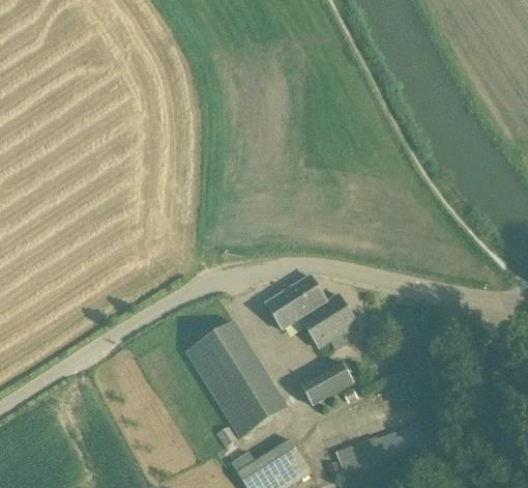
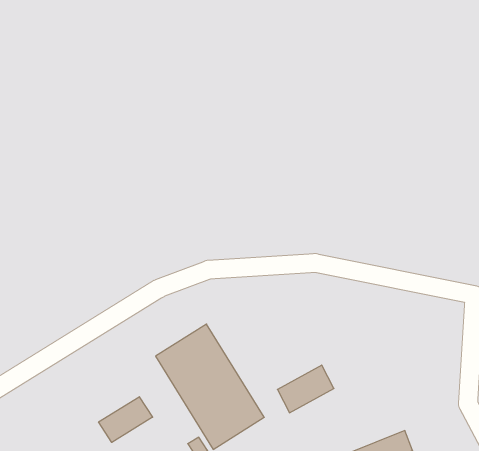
building: [264,274,356,346] -> none
building: none -> [99,397,153,442]

